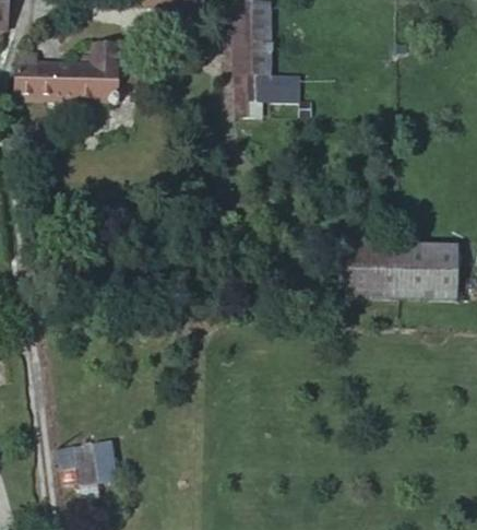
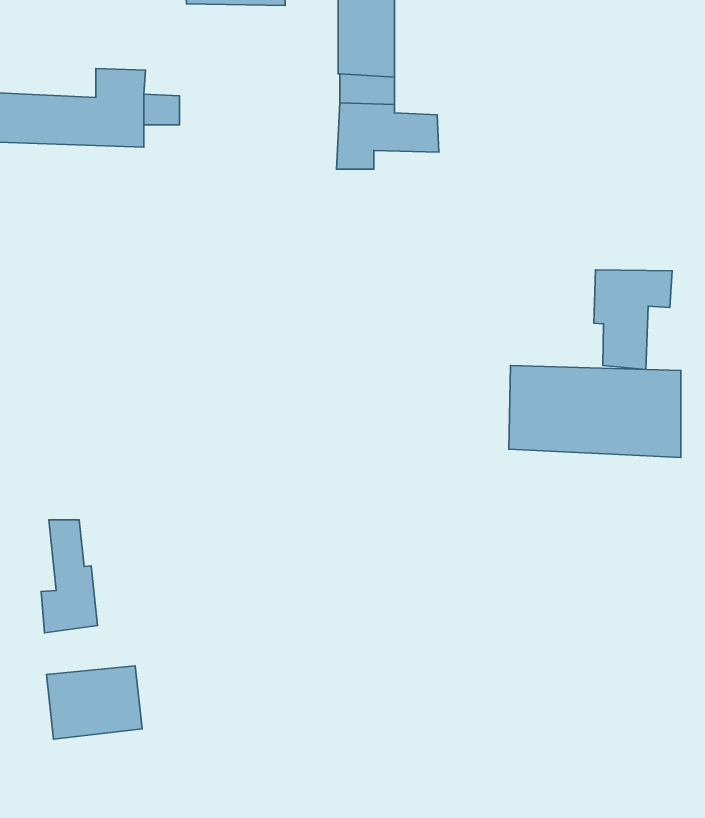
building: none -> [594,270,672,370]
building: none -> [41,520,97,633]

